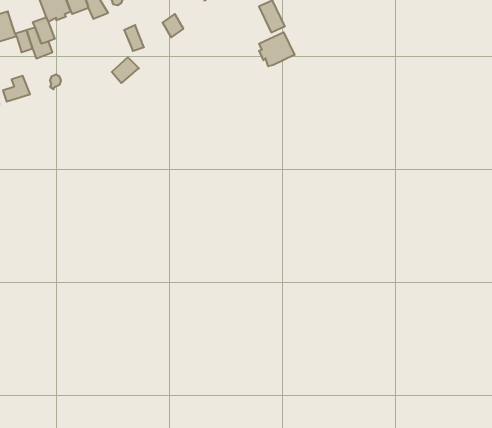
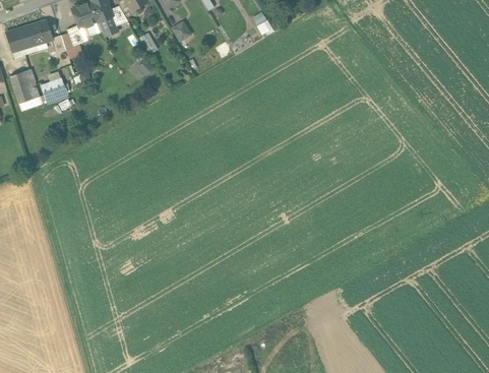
building: [259,32,295,66] -> none

